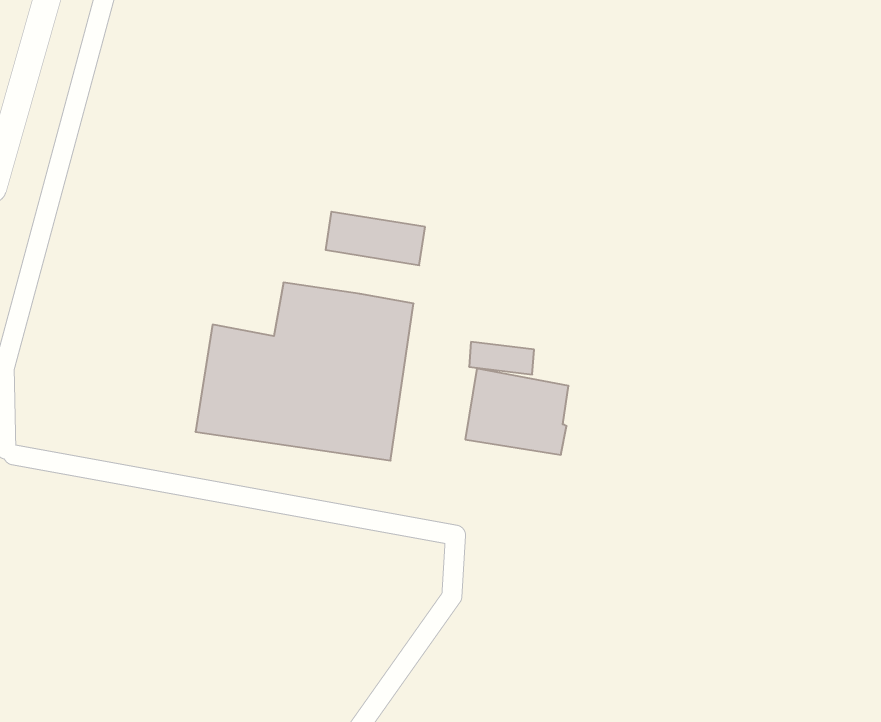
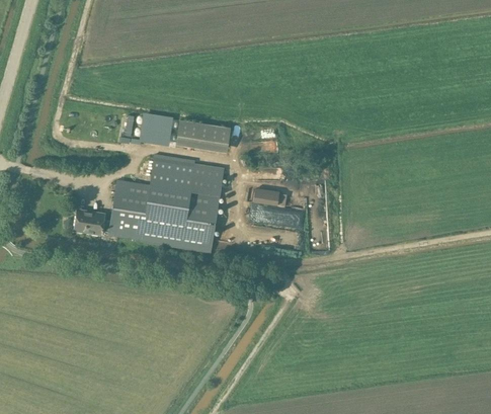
building: none -> [121,111,173,145]
building: none -> [74,209,104,235]

